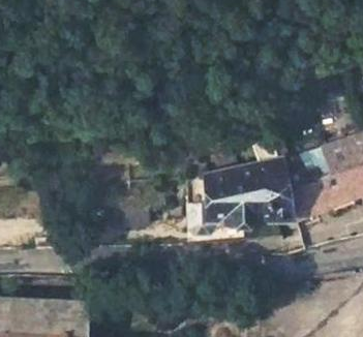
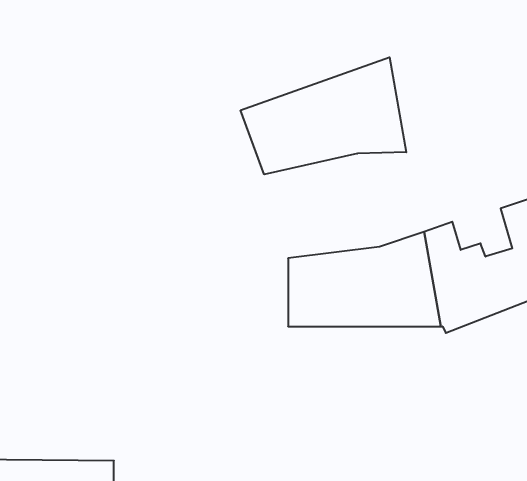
building: none -> [241,57,406,174]

